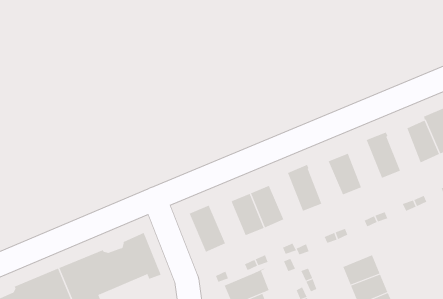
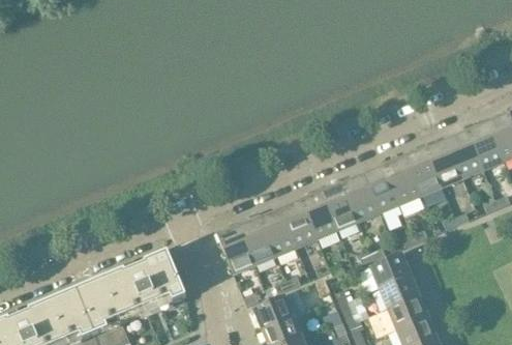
building: none -> [426,142,461,188]
building: none -> [382,154,420,205]
building: none -> [342,177,379,223]
building: none -> [298,190,336,239]
building: none -> [237,215,275,265]
building: none -> [369,255,411,290]

